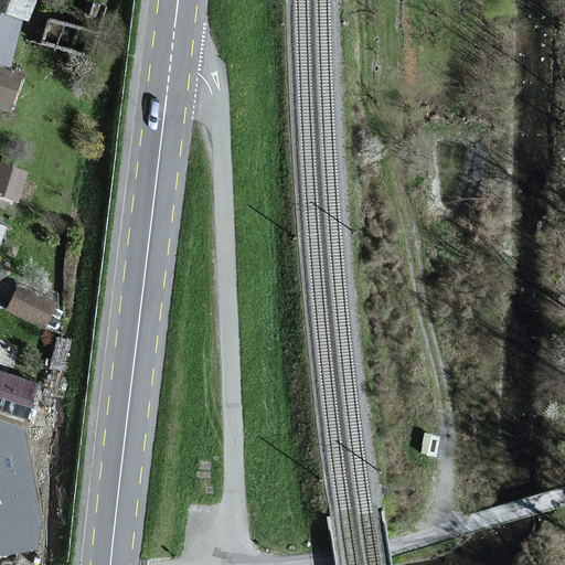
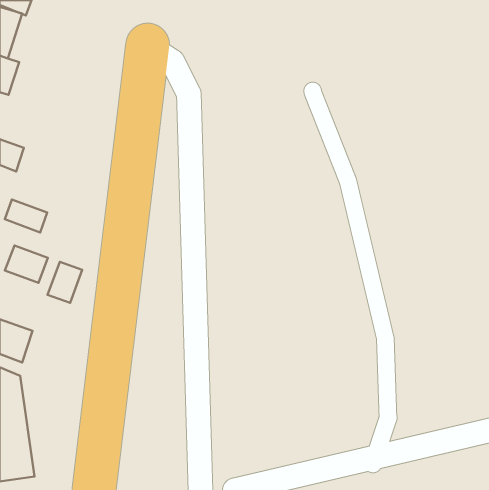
building: none -> [5,199,47,232]
building: none -> [48,262,82,303]

